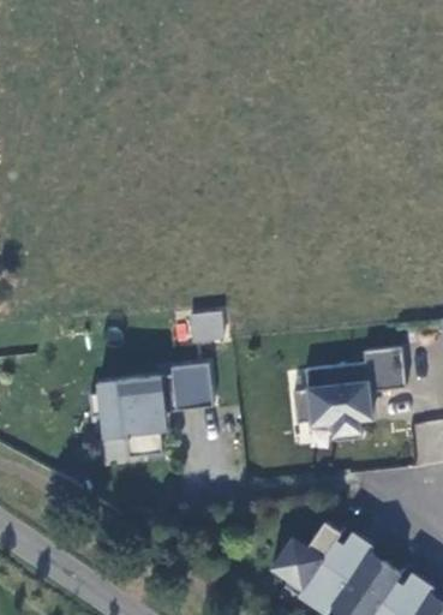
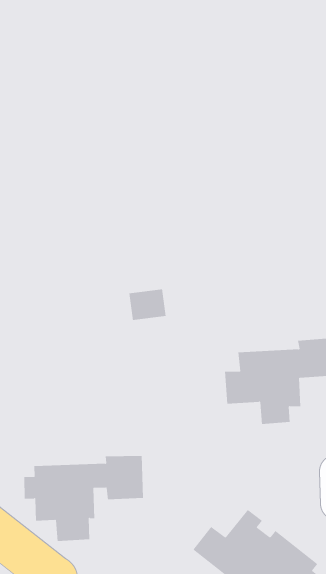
building: [90,362,215,456] -> [23,456,144,542]

